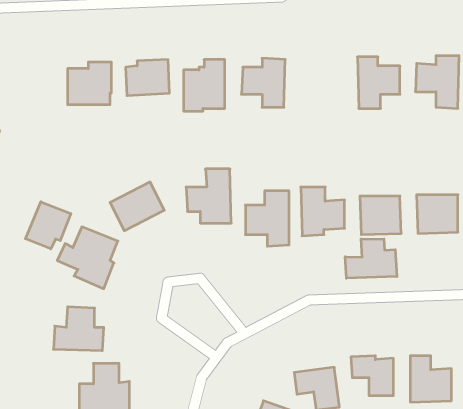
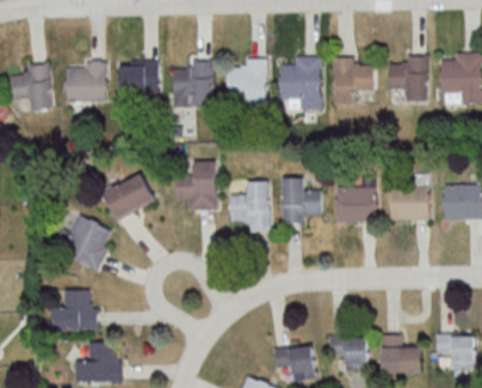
building: none -> [278,56,320,109]
building: none -> [10,63,51,110]
building: [25,202,71,249] -> none
building: [345,239,397,278] -> none

